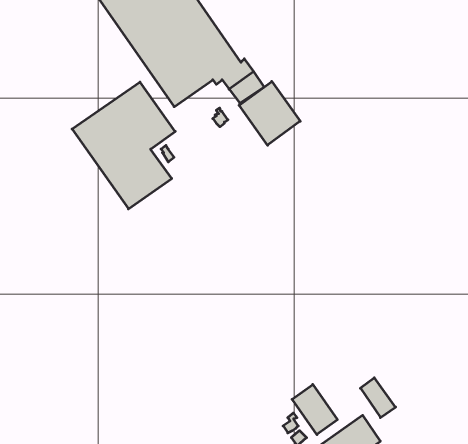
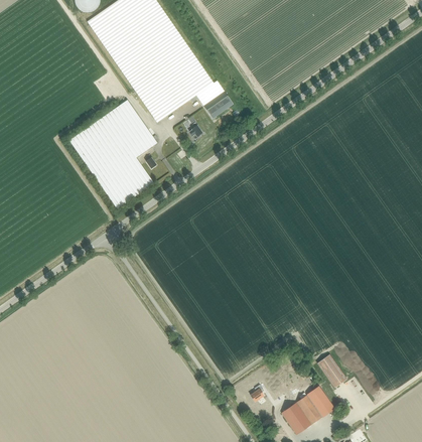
building: [239,81,300,145] -> none
building: [292,384,337,435] -> none

